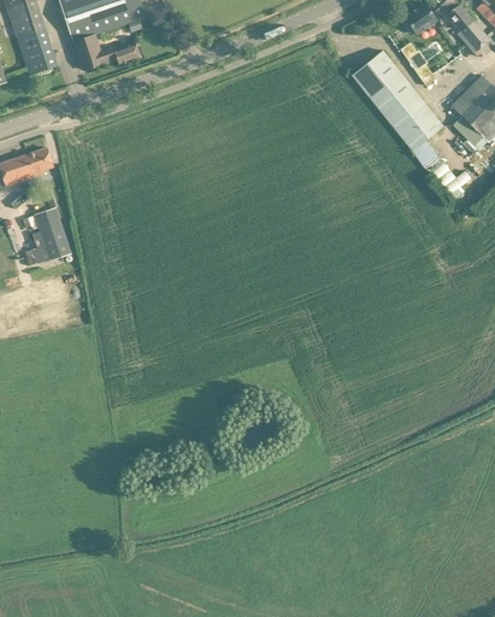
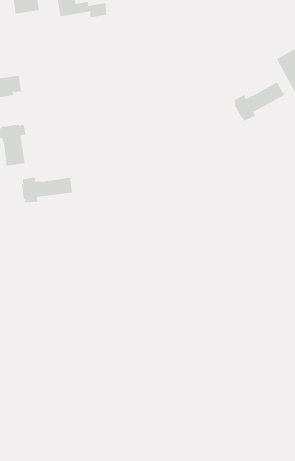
building: none -> [233,82,285,122]
building: none -> [21,177,73,203]

